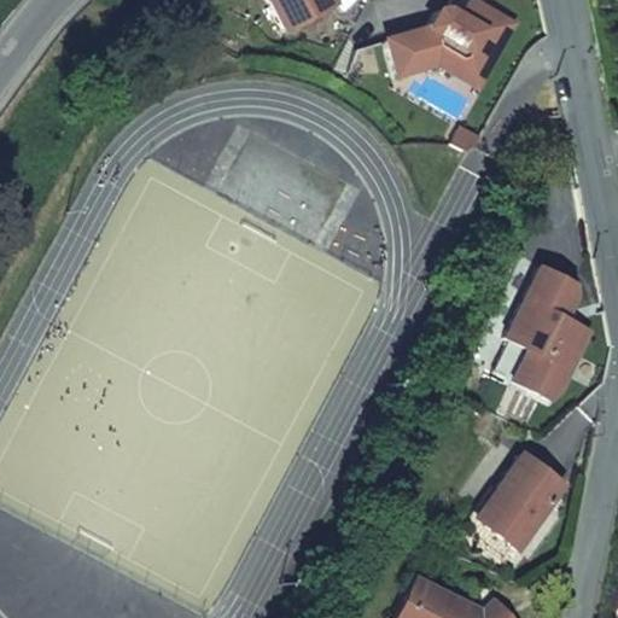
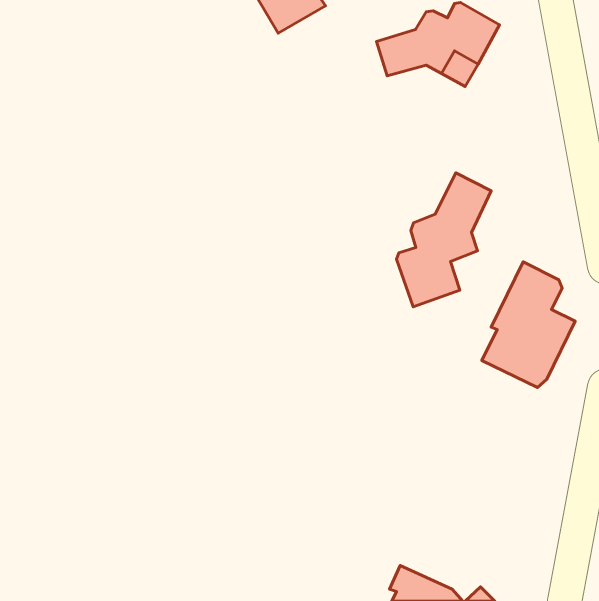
building: none -> [396,173,491,307]
building: [477,451,567,547] -> none

